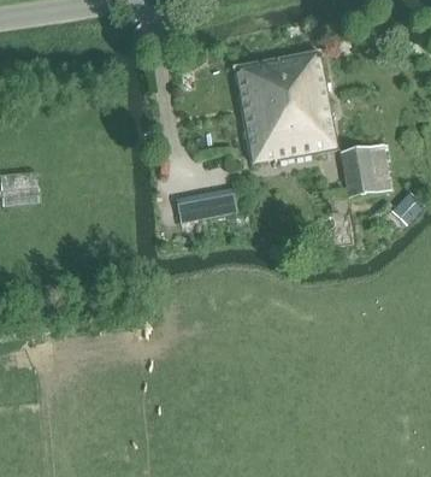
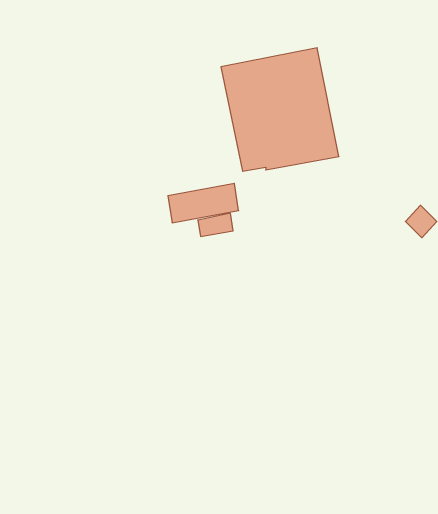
building: [342,143,390,194] -> none

